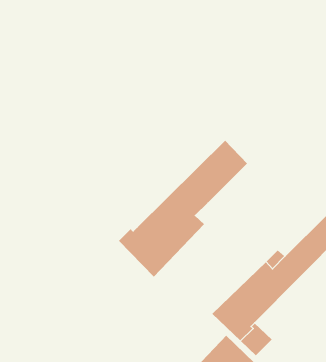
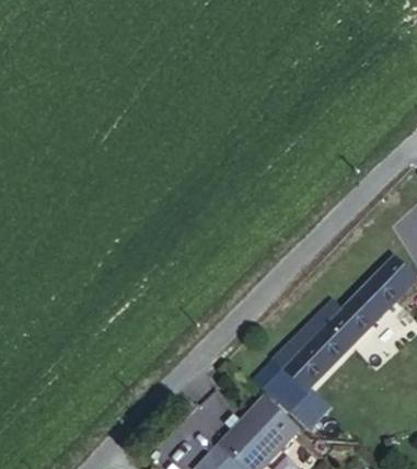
building: [118,140,248,277] -> none

